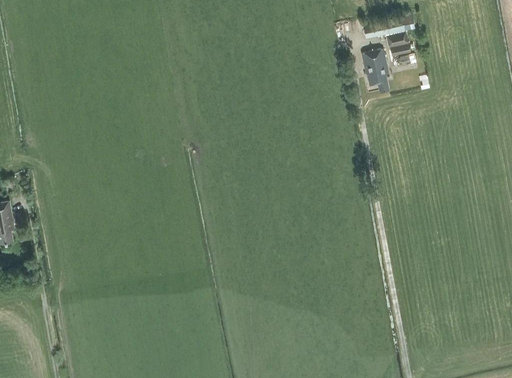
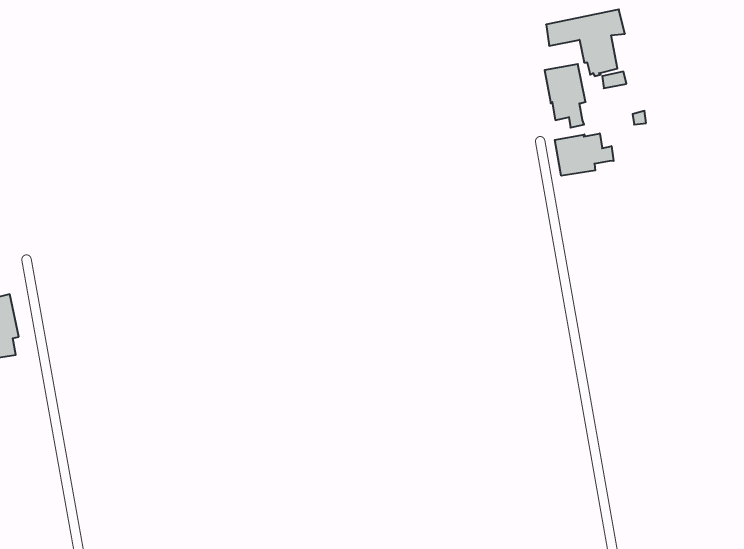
building: none -> [555,133,614,176]

